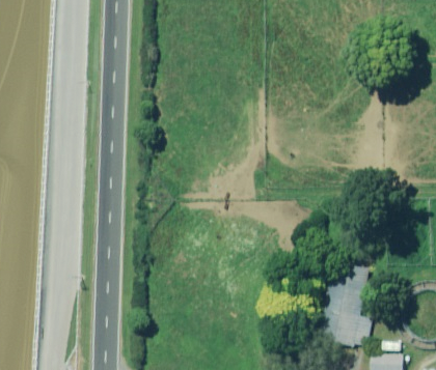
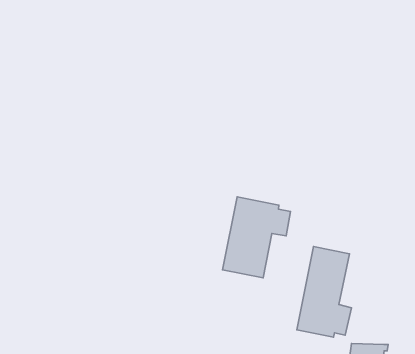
building: none -> [223,197,290,278]

